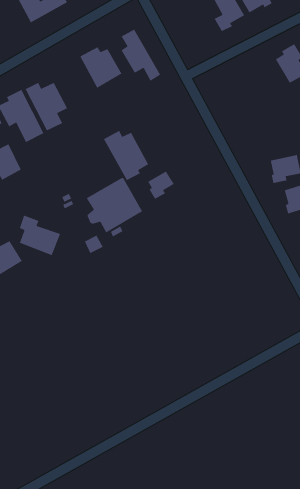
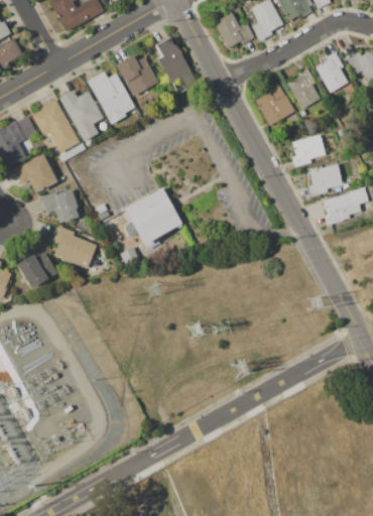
building: none -> [214,12,255,47]
building: none -> [286,68,320,109]
building: none -> [255,83,294,125]
building: none -> [292,134,326,166]
building: [103,130,149,181] -> [88,72,135,124]
building: [147,170,175,200] -> none
building: none -> [40,189,79,223]

